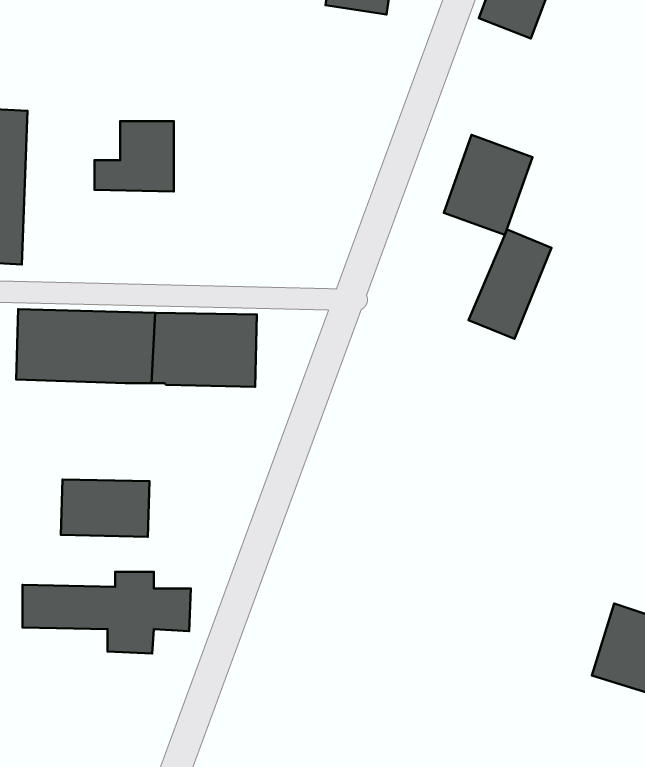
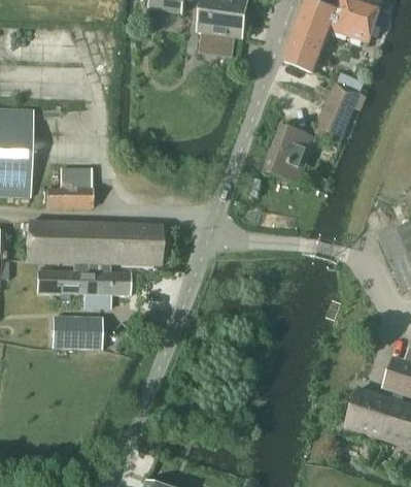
building: [94,121,174,192] -> [45,168,90,207]
building: [468,229,552,339] -> [314,83,361,143]
building: [23,572,191,653] -> [35,263,129,309]

